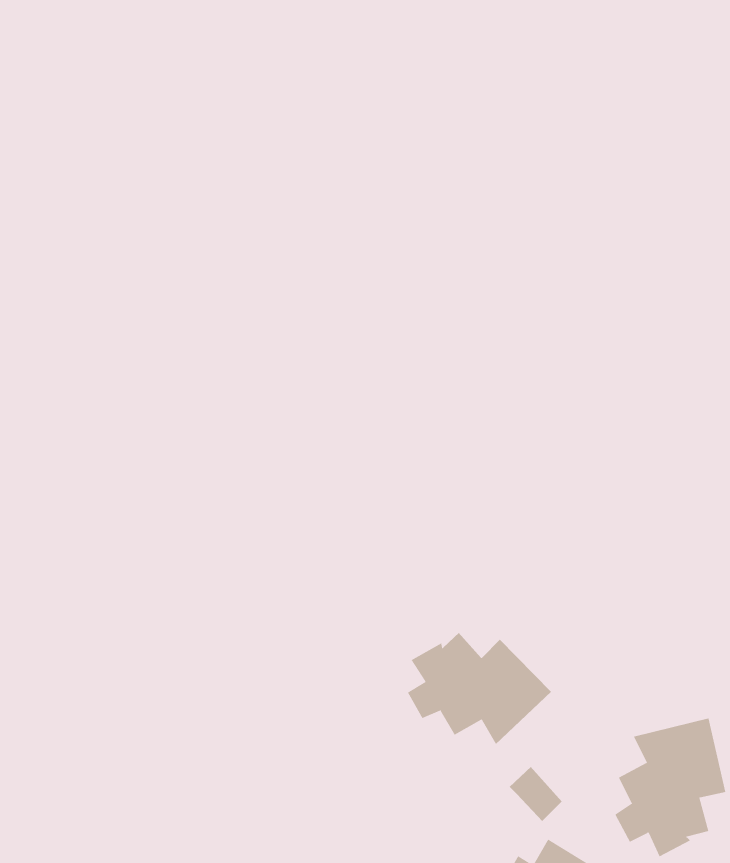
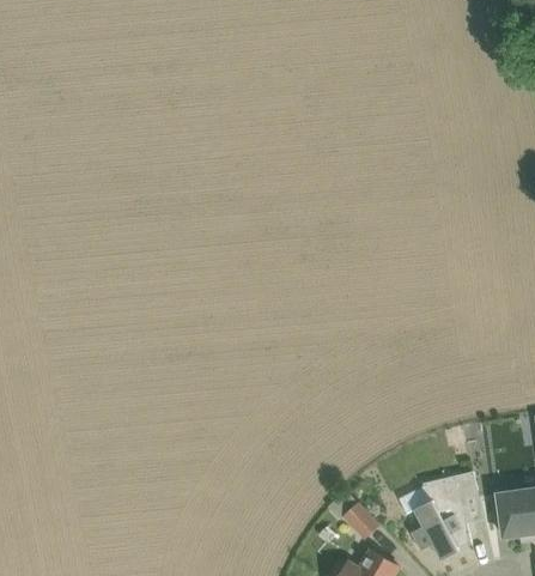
building: [407,632,552,745] -> none

